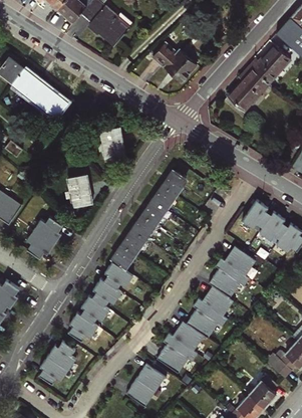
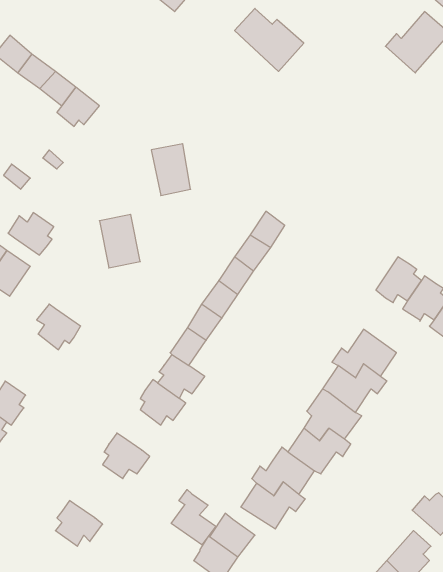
building: [228,65,268,110] -> none
building: [34,217,63,244] -> [8,213,54,255]
building: [80,295,109,324] -> none
building: [47,341,76,371] -> none
building: none -> [171,490,216,545]

